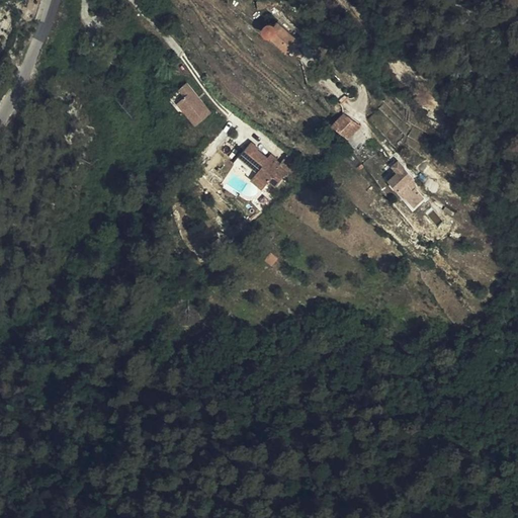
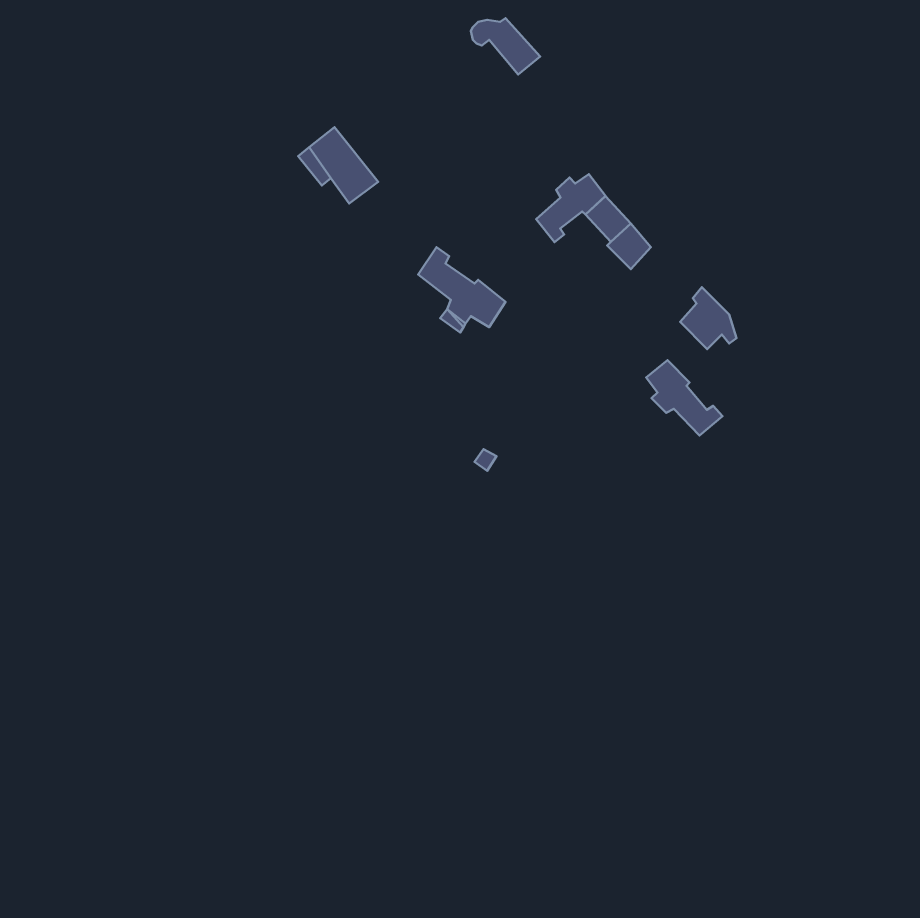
building: none -> [536,174,606,242]
building: none -> [646,360,722,435]

